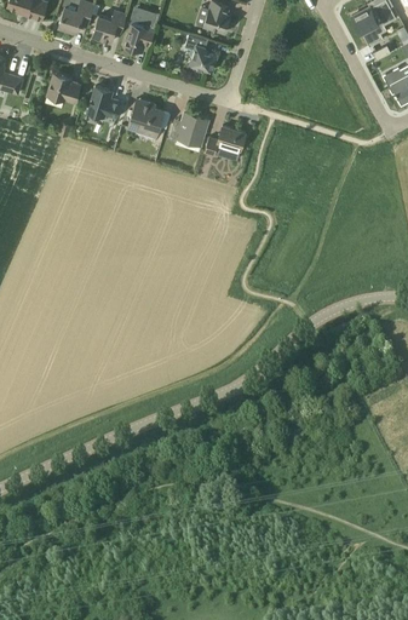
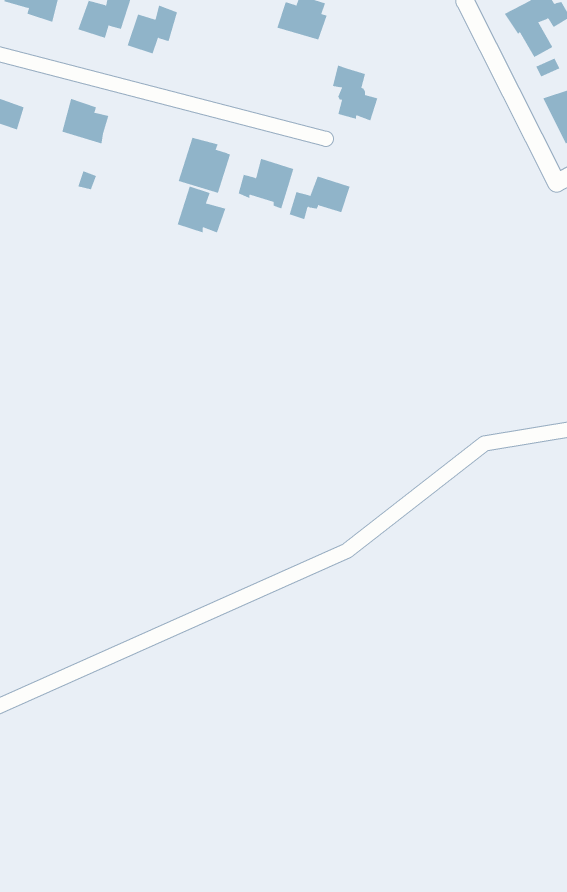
building: [125,12,161,50] -> none
building: [186,31,218,70] -> [332,65,378,121]
building: [88,85,122,117] -> [177,186,226,233]

